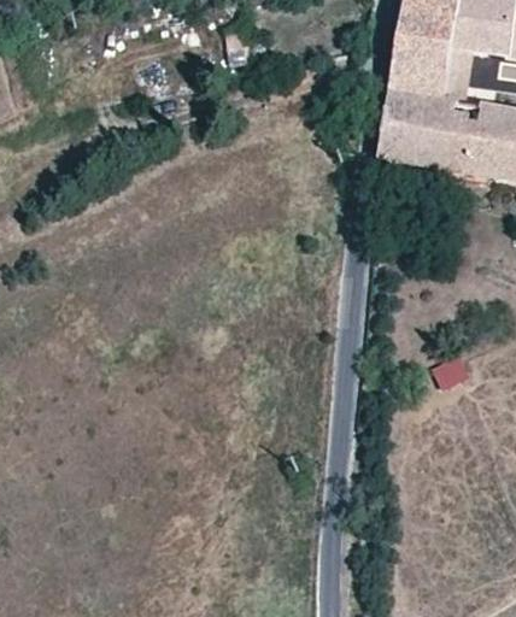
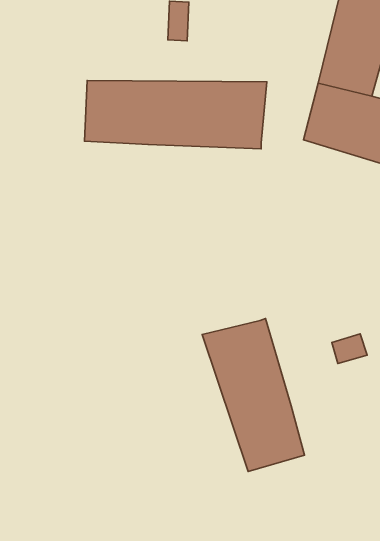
building: none -> [84,81,267,149]
building: none -> [202,319,304,471]

